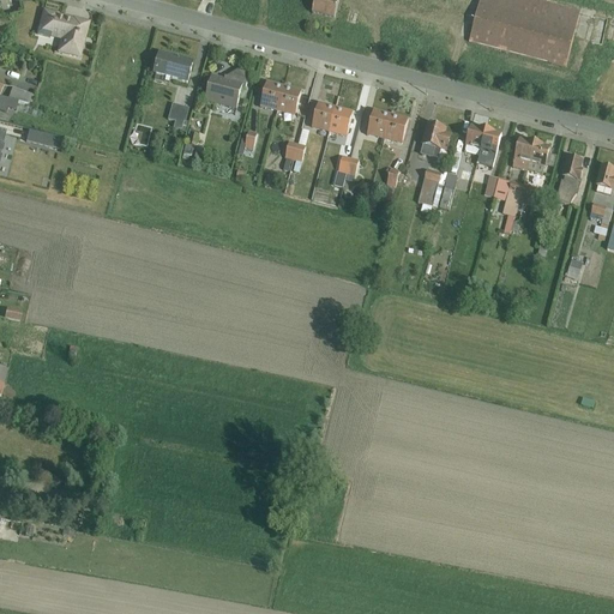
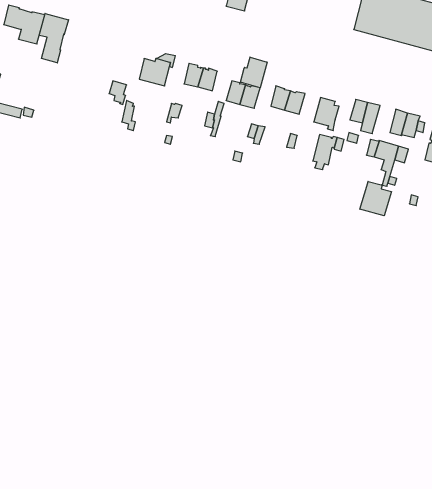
building: none -> [39,13,69,63]
building: [154,53,192,83] -> none
building: none -> [241,57,267,88]
building: none -> [360,181,391,216]

